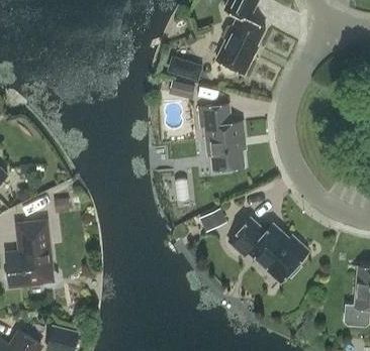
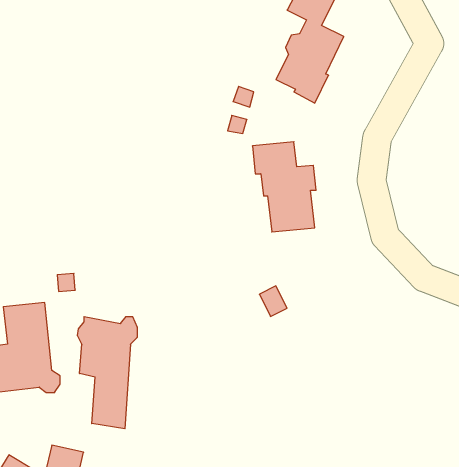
building: [228,219,308,280] -> none
building: none -> [77,317,137,429]

